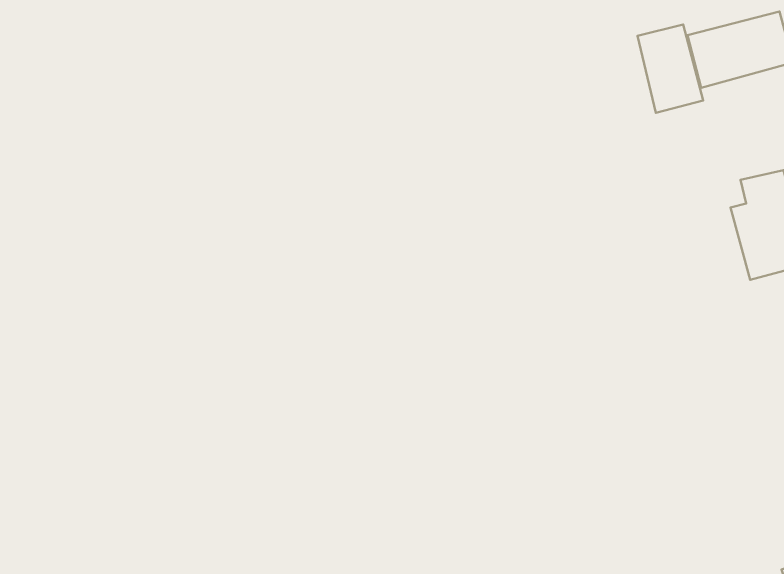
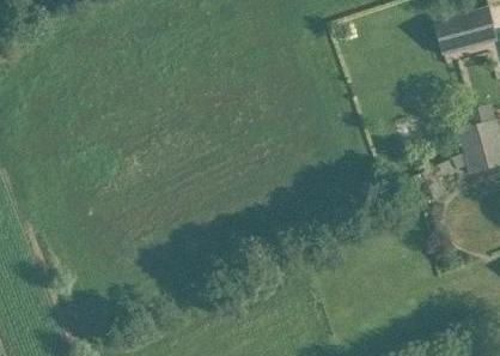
building: [637,24,703,113] -> none

